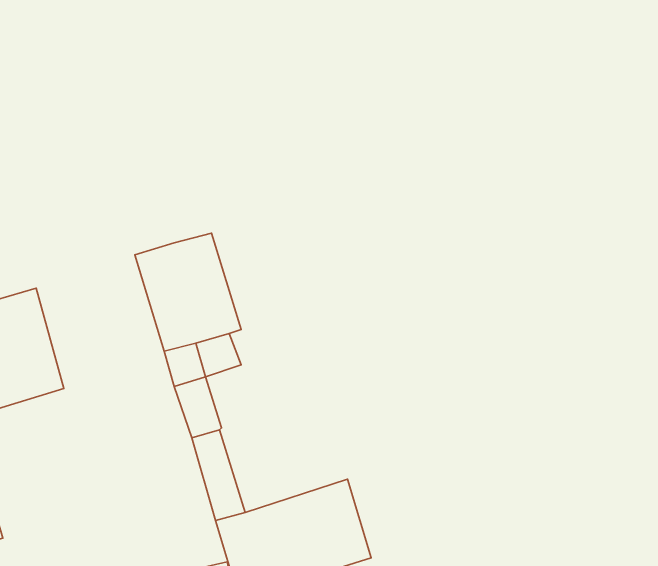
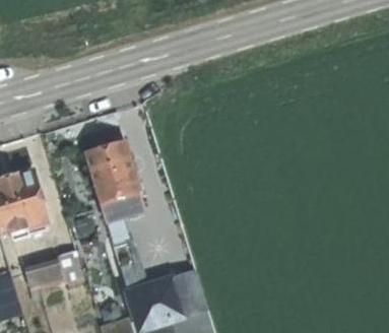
building: none -> [27,248,83,285]

